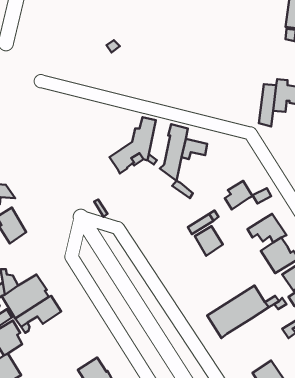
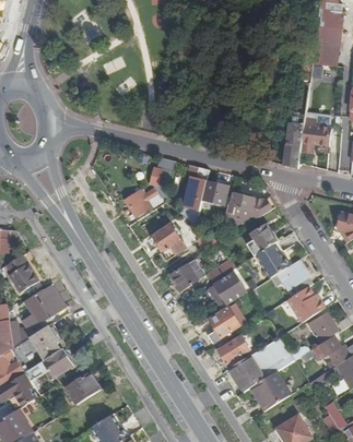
building: none -> [225,193,278,223]
building: none -> [152,224,186,261]
building: none -> [256,243,290,278]
building: none -> [170,259,205,289]
building: none -> [23,283,64,330]
building: none -> [210,307,240,342]
building: none -> [217,335,249,365]
building: none -> [66,371,101,403]
building: none -> [250,371,291,410]

